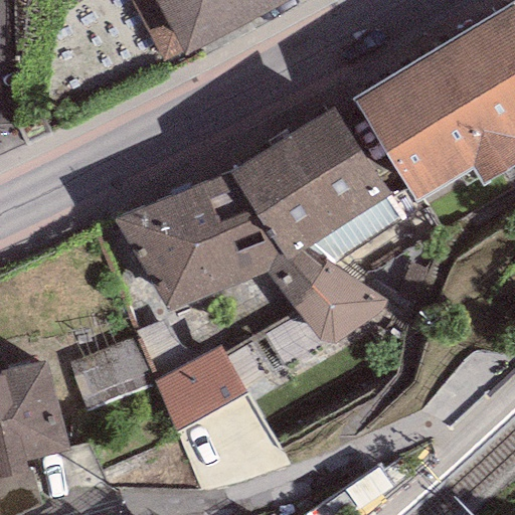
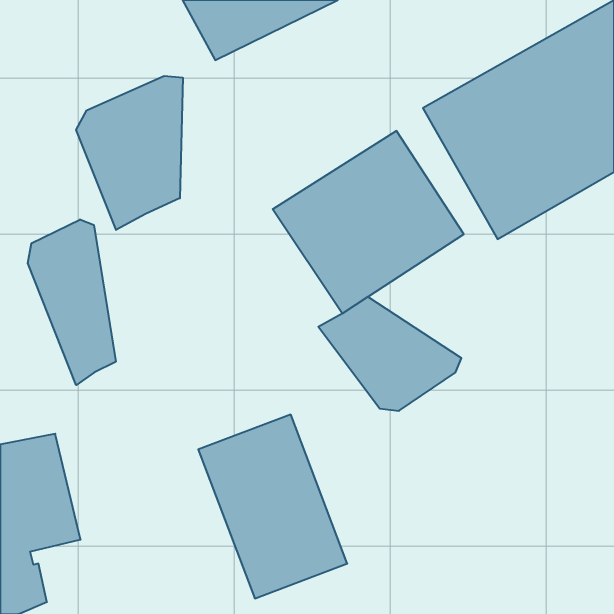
building: none -> [76,76,183,230]
building: [113,175,287,313] -> none
building: none -> [28,219,116,385]

